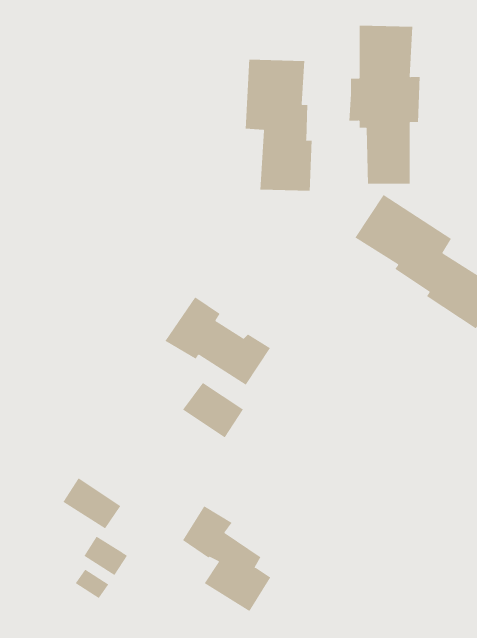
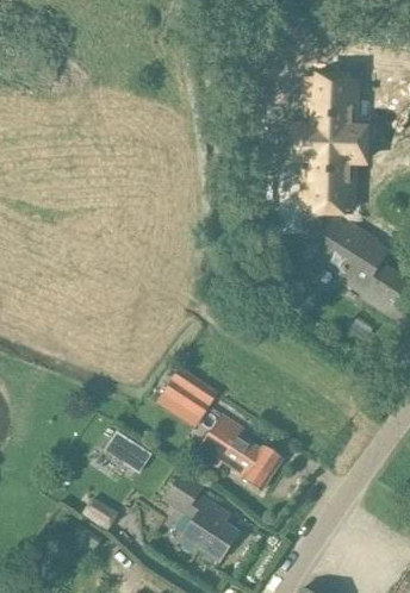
building: [245,59,312,192] -> none
building: [165,296,271,385] -> [194,416,282,489]
building: [62,478,121,529] -> [104,430,153,473]

